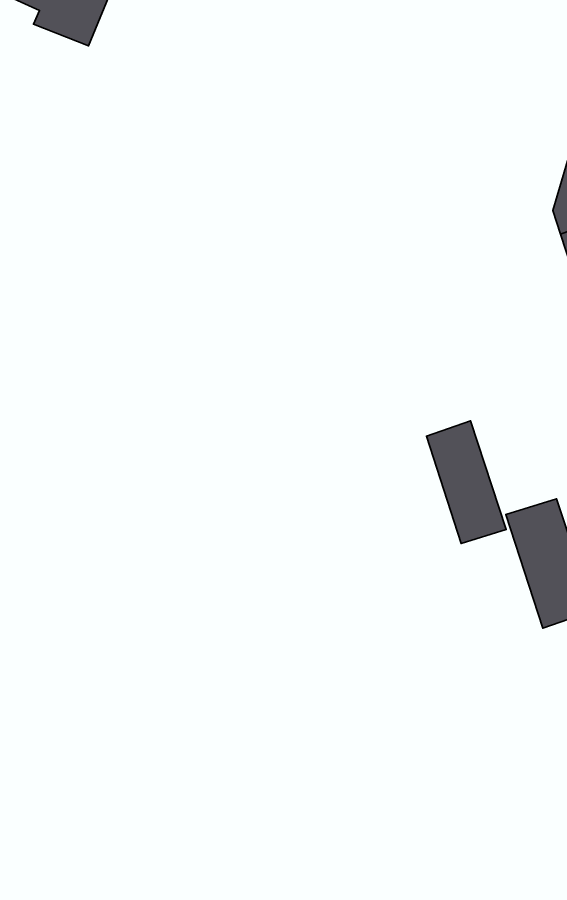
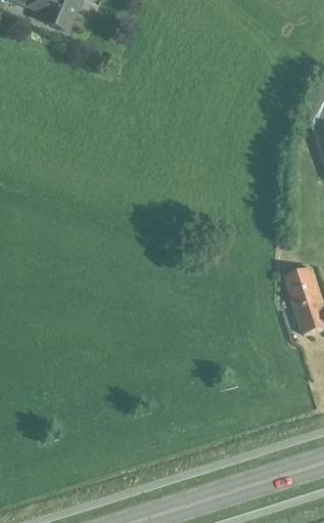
building: [427,421,506,543] -> none

